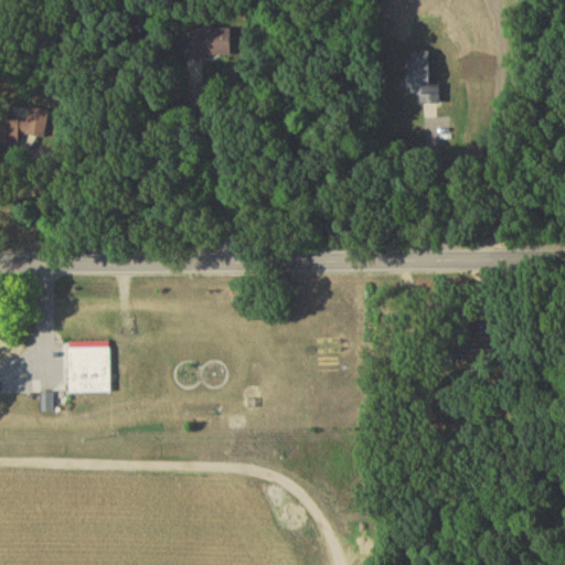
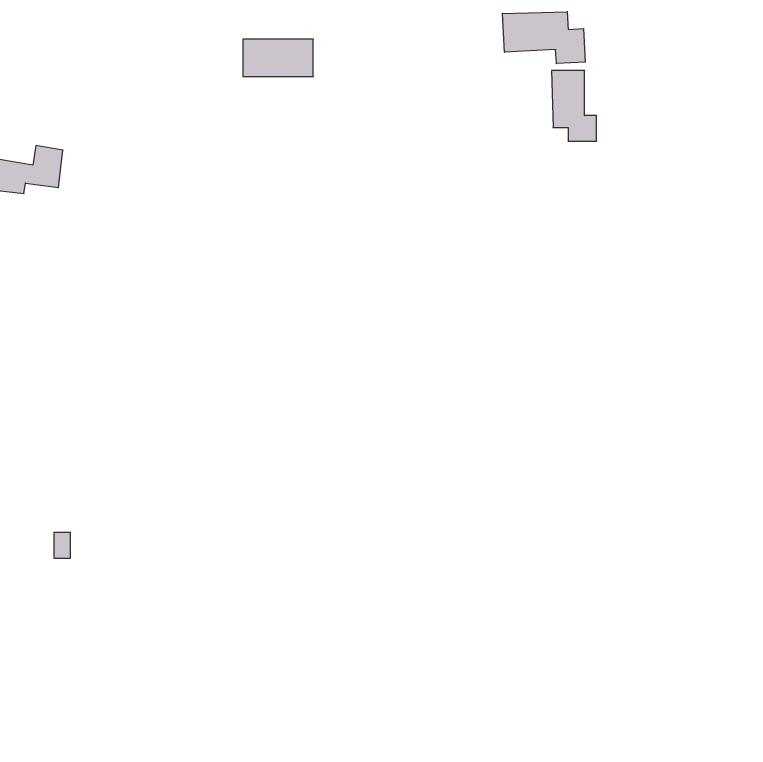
building: none -> [503,12,585,64]
building: [67,348,109,392] -> none

